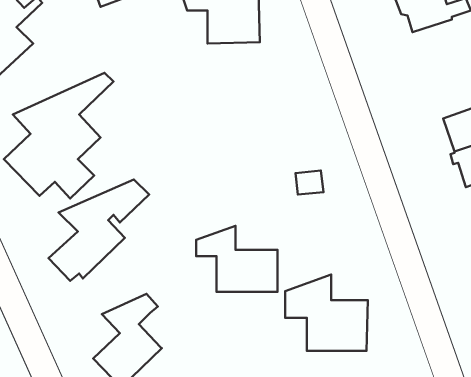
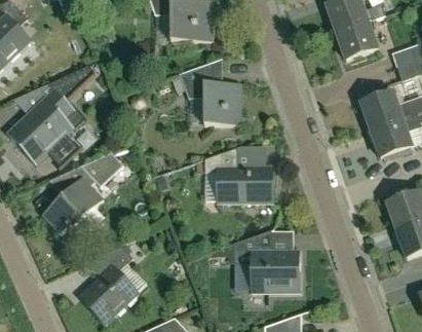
building: none -> [337,23,378,61]
building: none -> [171,63,242,124]
building: [196,226,278,292] -> [204,148,270,201]

